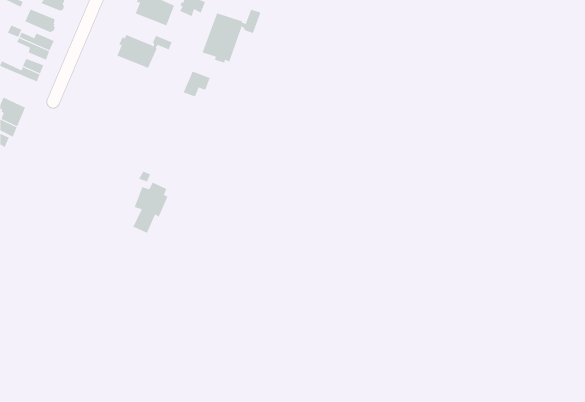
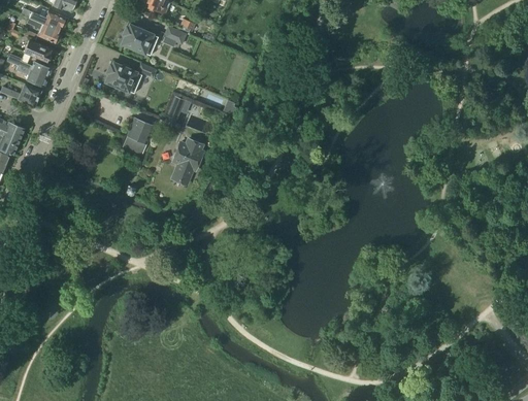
building: [202,9,261,64] -> none
building: none -> [124,119,154,154]
building: [133,182,168,234] -> [171,138,203,185]

